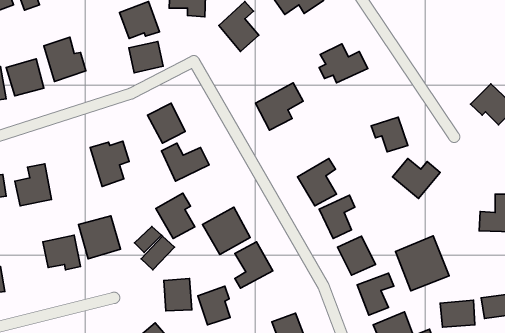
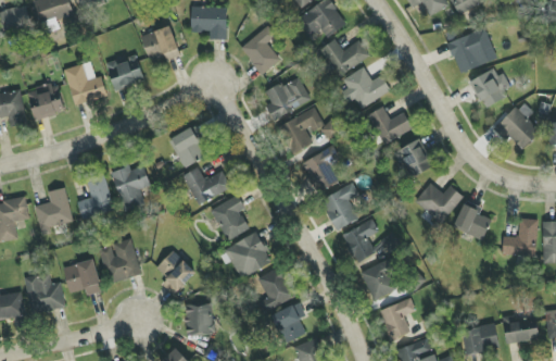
building: none -> [447,28,496,72]
building: none -> [321,39,369,75]
building: [129,41,163,73] -> [108,57,142,88]
building: none -> [469,66,510,107]
building: none -> [265,76,311,121]
building: none -> [368,108,412,144]
building: none -> [302,146,340,192]
building: none -> [77,176,114,219]
building: none -> [453,200,491,240]
building: [156,193,195,239] -> [210,195,249,240]
building: [395,236,449,291] -> none
building: none -> [25,274,64,312]
building: [198,286,230,325] -> [273,303,305,343]

